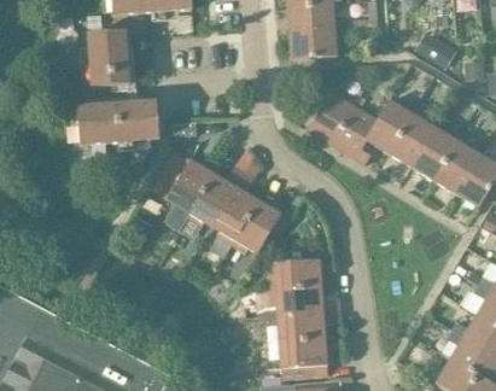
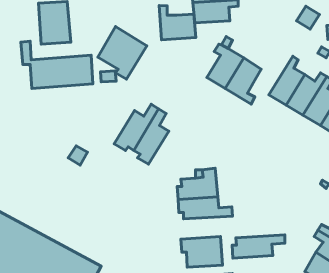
building: none -> [159,6,196,40]
building: [366,97,419,152] -> none
building: [148,147,212,216] -> [98,26,147,79]
building: [231,199,290,252] -> none
building: [272,310,340,340] -> [232,235,285,258]

